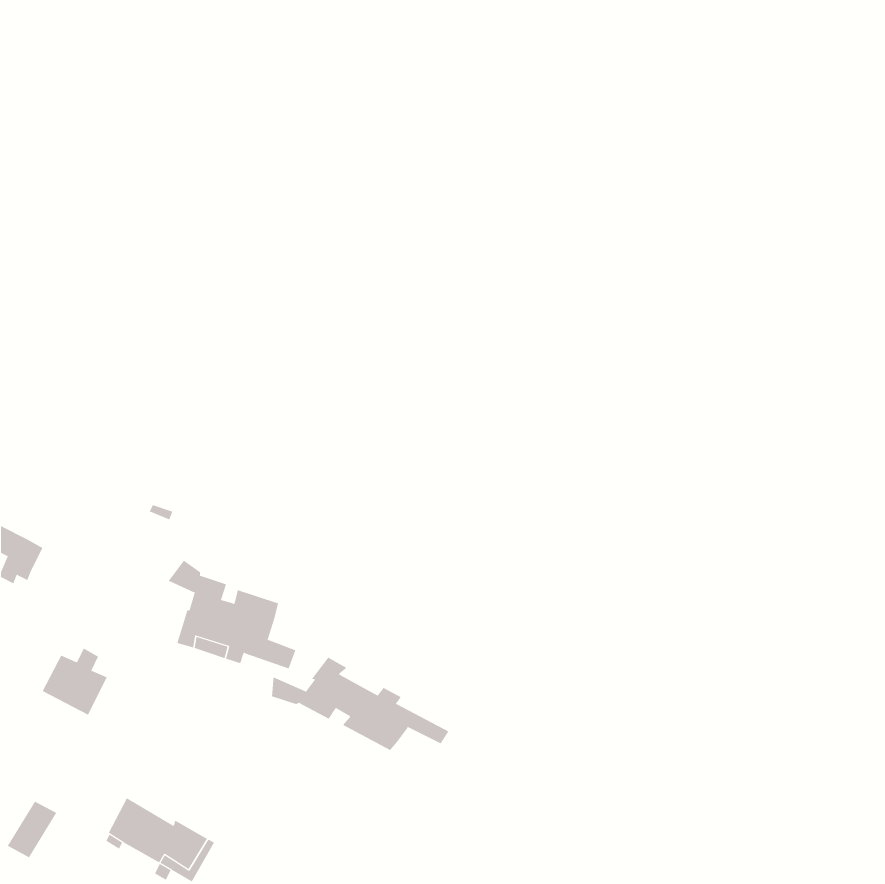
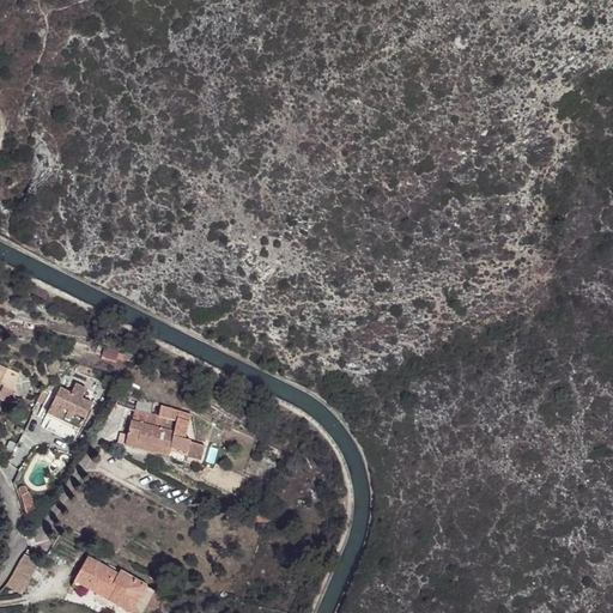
building: [42,648,108,715] -> [45,380,91,426]
building: [272,657,449,751] -> none

